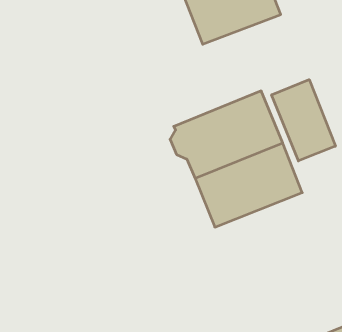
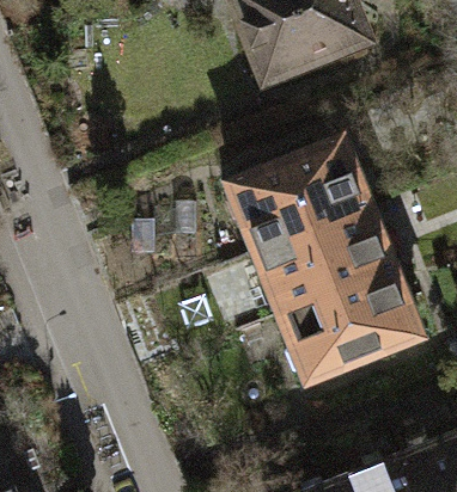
building: [272,80,335,161] -> none
building: none -> [287,269,426,380]

